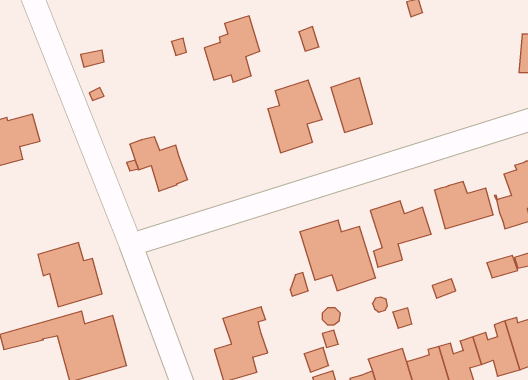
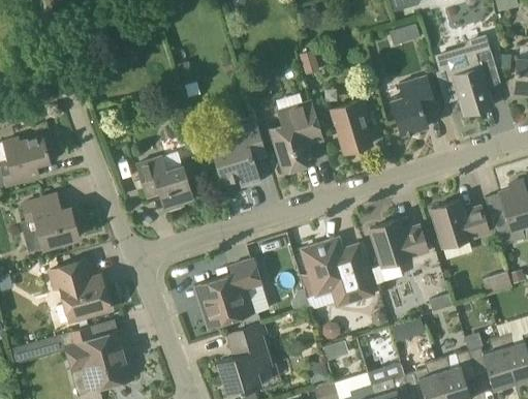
building: none -> [435,34,499,116]
building: [204,16,260,82] -> [214,122,268,186]
building: none -> [392,76,437,135]
building: none -> [24,194,80,247]
building: none -> [194,258,262,328]

